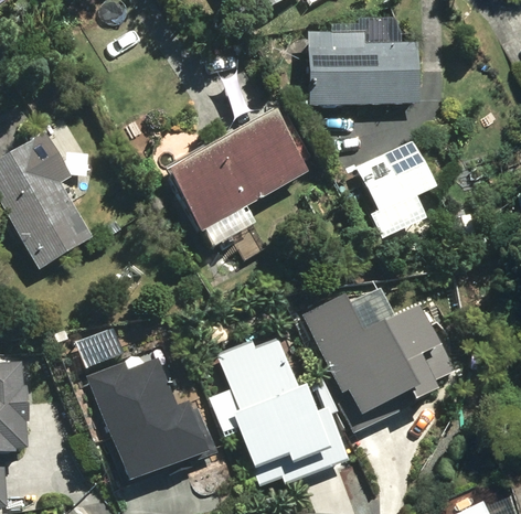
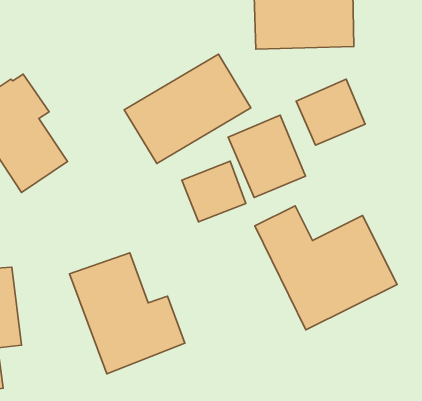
building: none -> [228,115,305,198]
building: none -> [182,161,246,222]
building: [214,322,352,486] -> none

